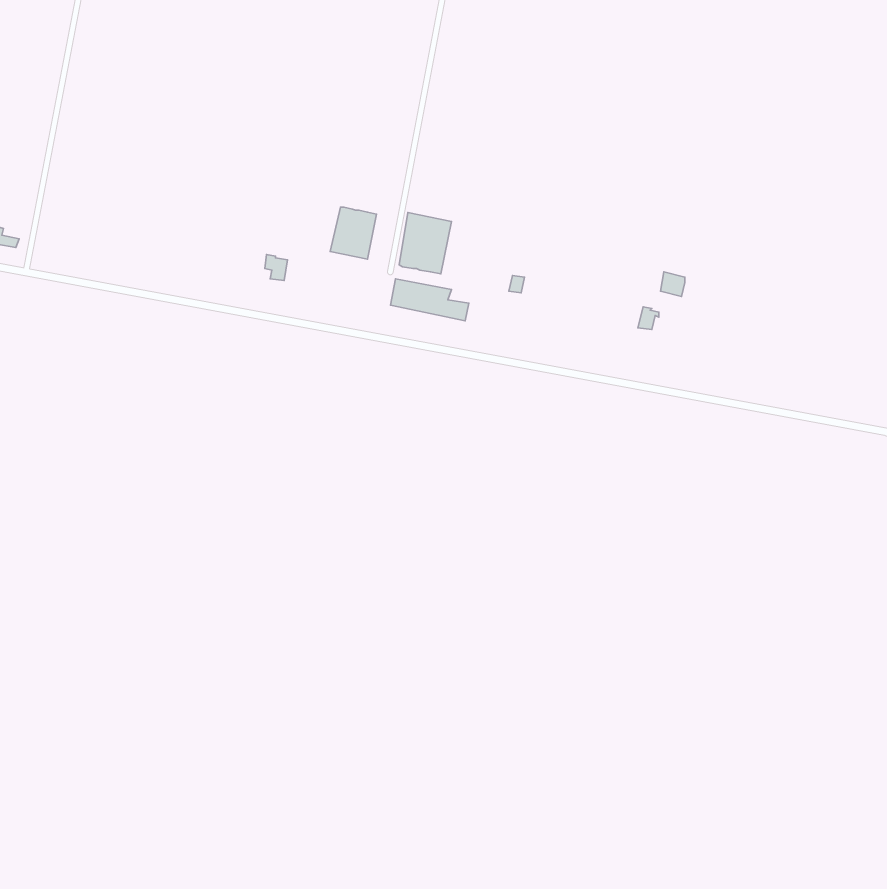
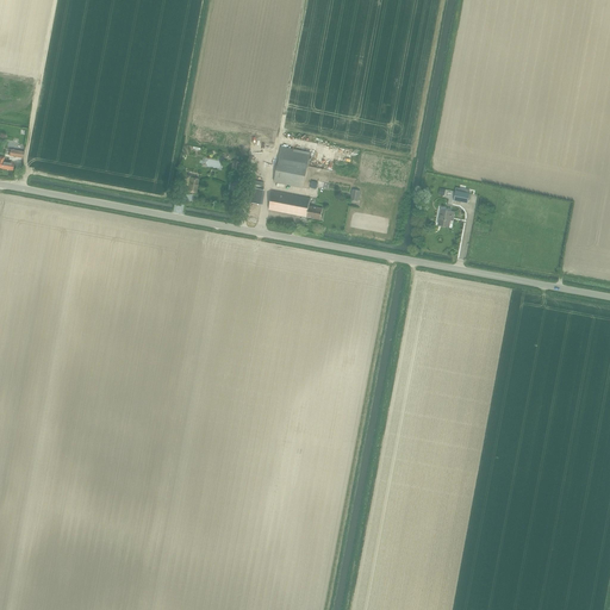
building: [330,207,376,259] -> none

